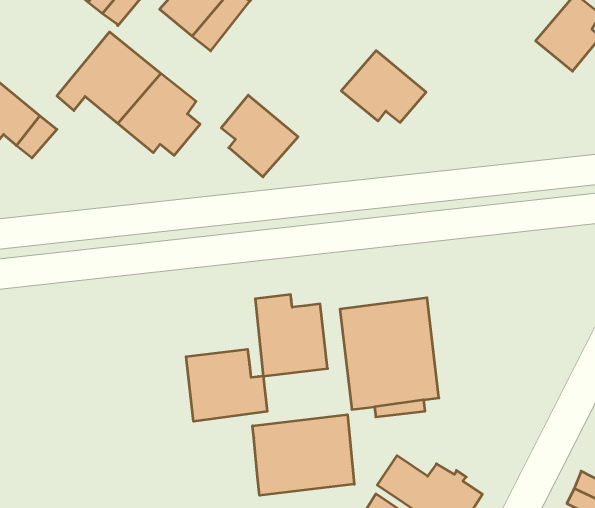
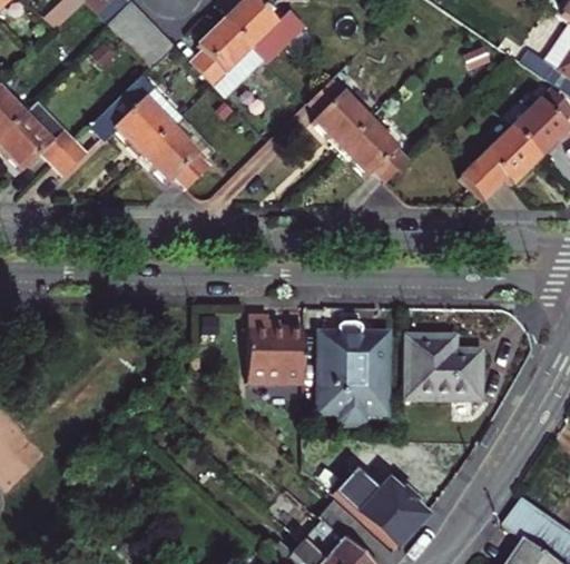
building: none -> [459,123,542,198]
building: [221,95,298,177] -> [308,75,374,147]
building: none -> [402,338,485,407]
building: [186,349,267,421] -> none
building: [253,415,354,495] -> none

